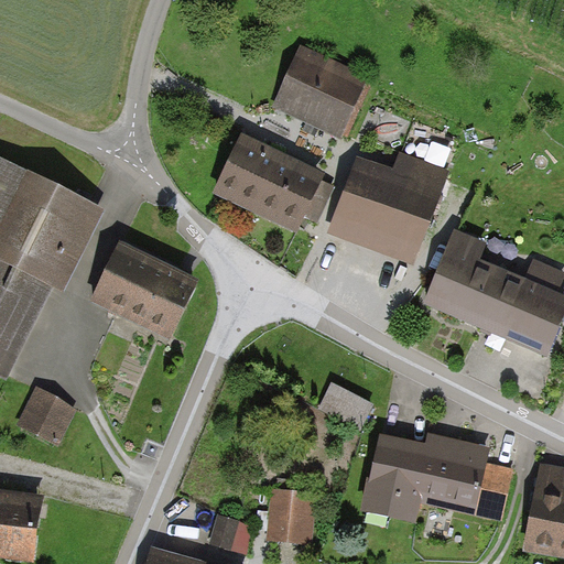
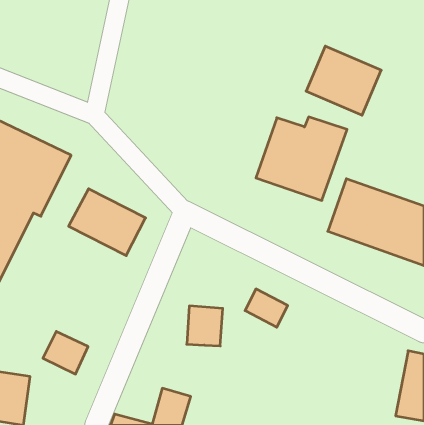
building: [279,46,378,138] -> [306,46,381,115]
building: [226,140,330,232] -> none
building: [20,388,79,444] -> [43,331,88,374]
building: [357,432,509,521] -> none
building: [264,488,312,541] -> [187,306,223,346]

